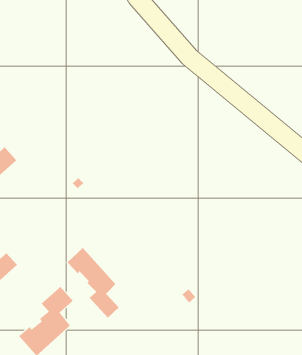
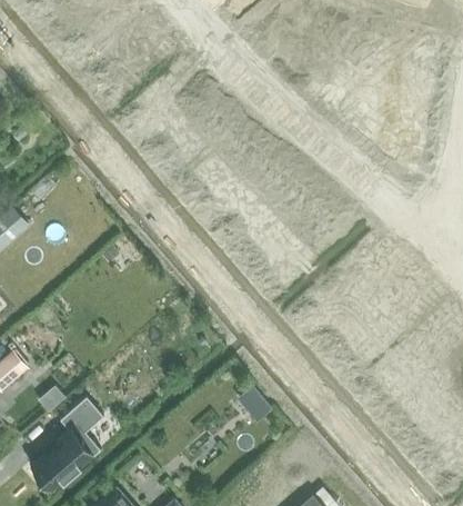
building: [67,247,119,318] -> none

